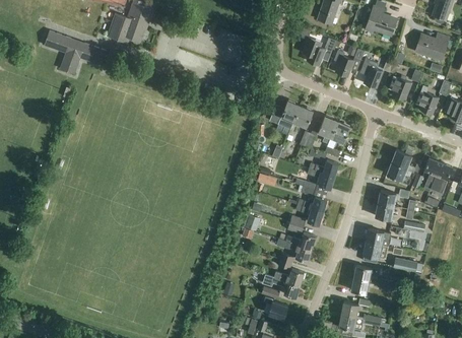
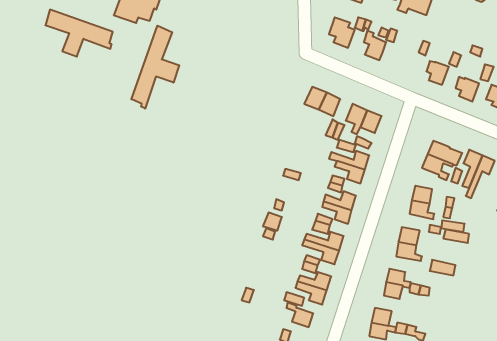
building: [414,33,448,61] -> none
building: none -> [131,26,179,109]
building: [358,59,382,88] -> none

